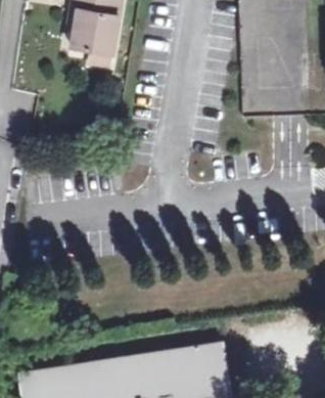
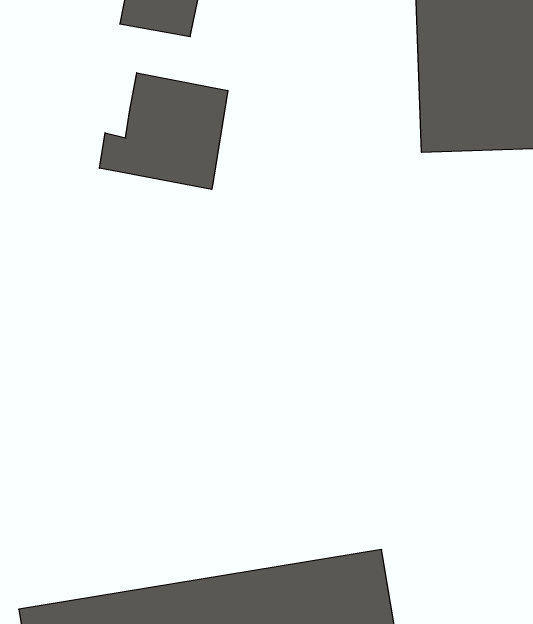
building: none -> [99,73,228,189]

